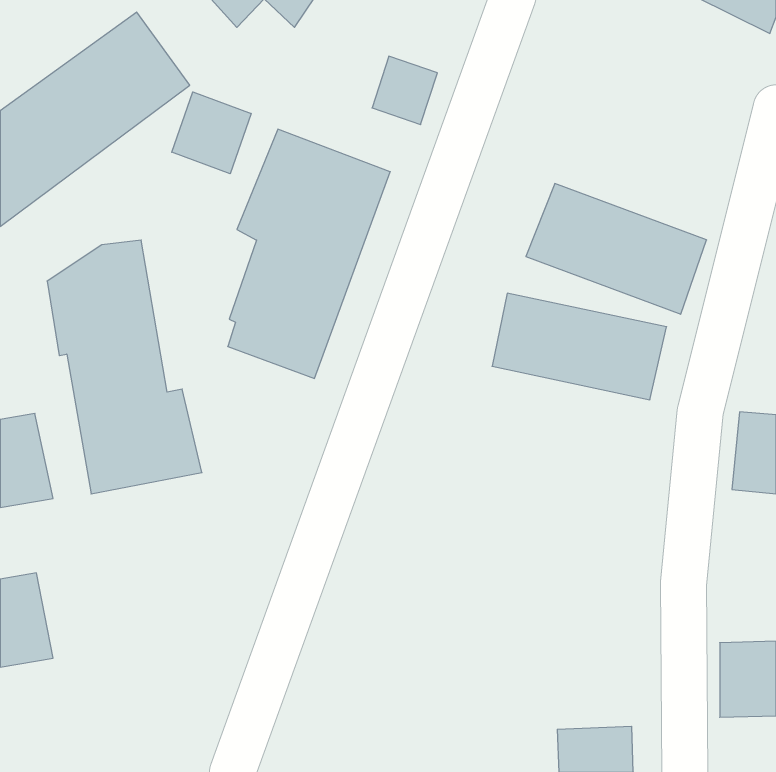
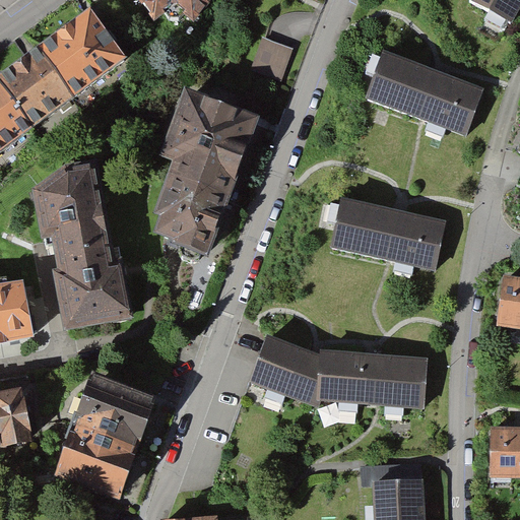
building: [172,92,251,174] -> none
building: [526,184,707,314] -> [364,48,484,135]
building: none -> [246,346,424,420]
building: none -> [55,371,156,496]

